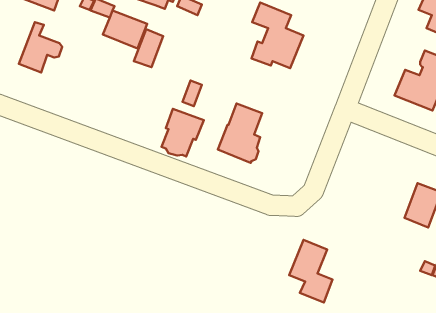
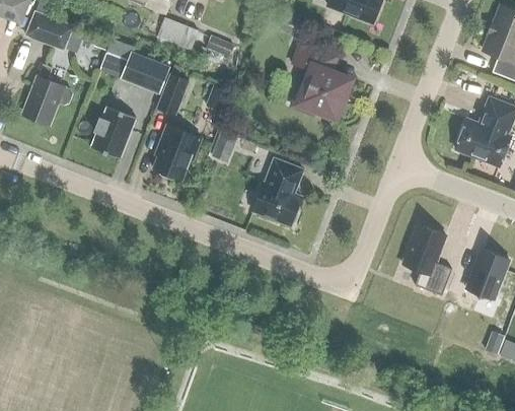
building: none -> [90,106,136,158]
building: [161,109,204,157] -> [153,124,202,179]
building: [289,240,333,303] -> [402,223,452,295]

